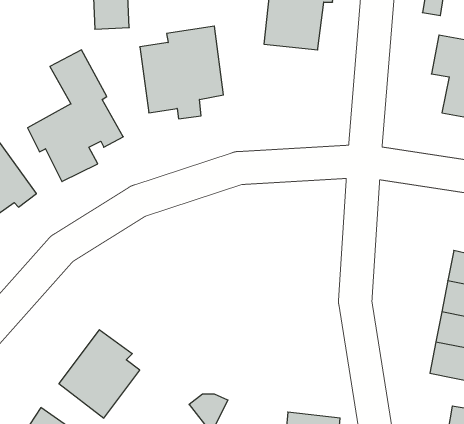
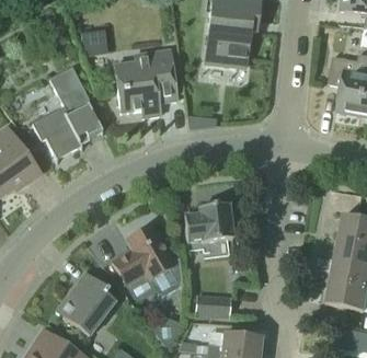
building: none -> [184,200,233,256]
building: none -> [113,226,184,295]
building: none -> [196,296,230,317]

